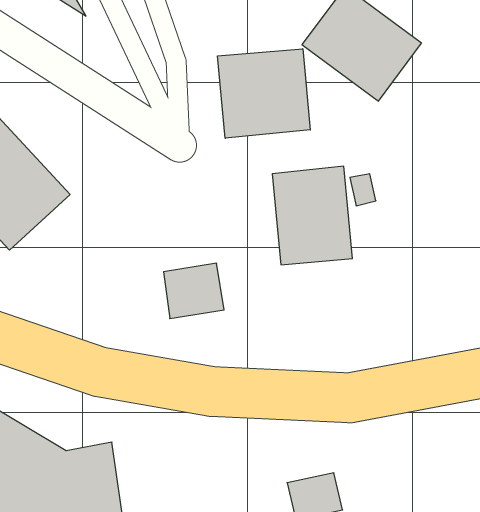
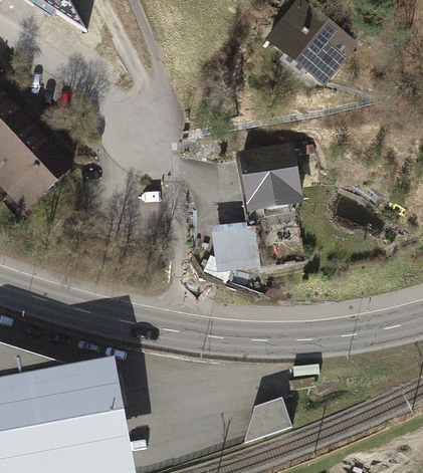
building: [218,49,310,138] -> none
building: [164,263,224,319] -> [214,227,263,272]

